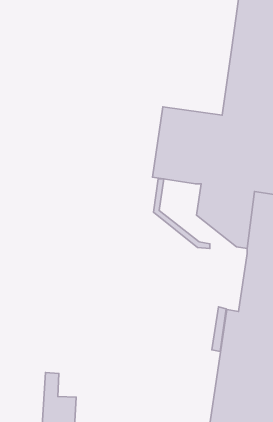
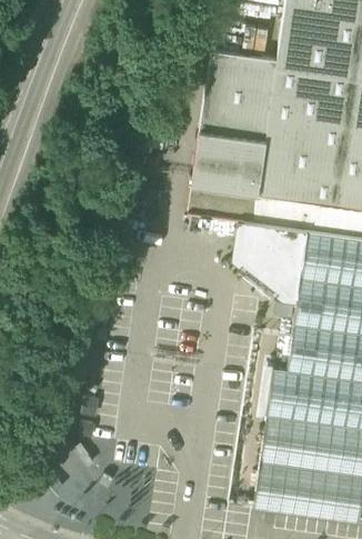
building: none -> [201,51,281,140]
building: [153,179,210,249] -> [233,220,299,301]

